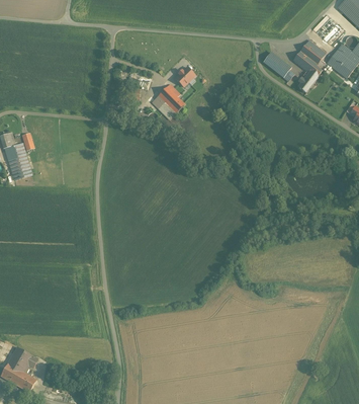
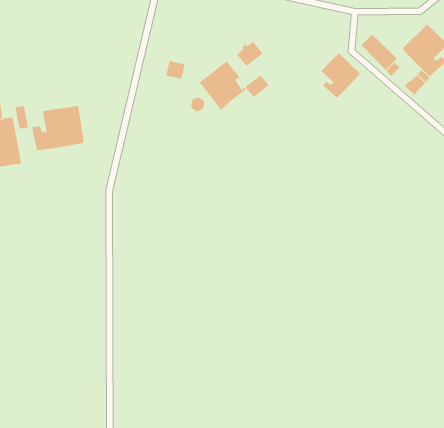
building: none -> [321,53,360,99]
building: none -> [32,105,84,151]

